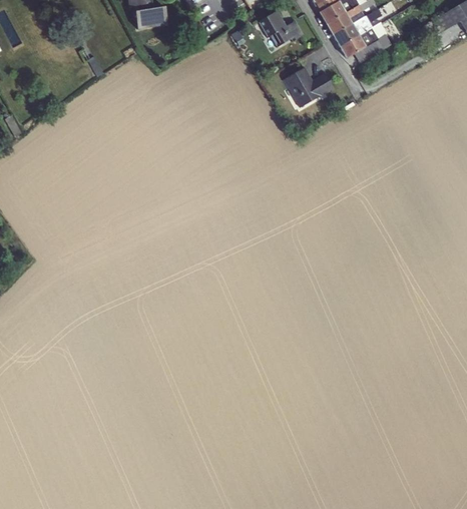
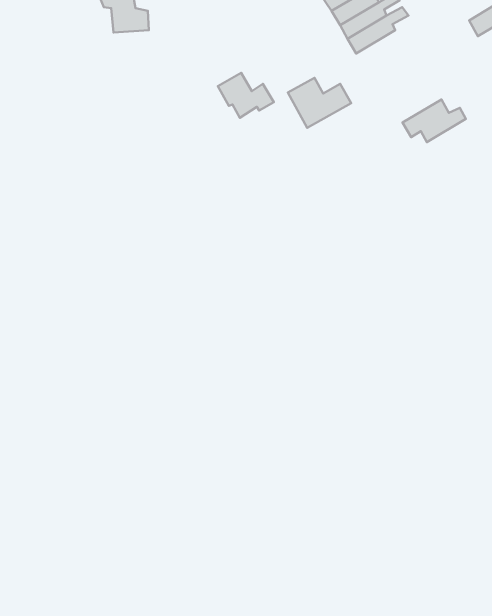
building: [259,9,305,46] -> [218,73,274,118]
building: [340,26,392,61] -> [402,99,466,142]

